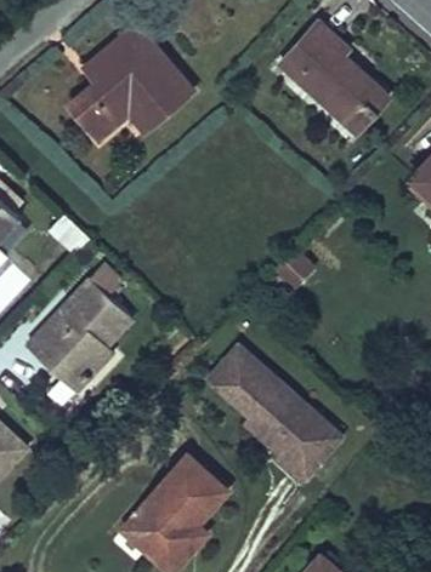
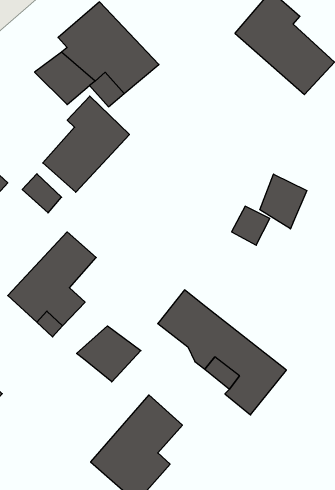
building: none -> [43,96,129,192]
building: none -> [260,174,307,229]
building: none -> [77,326,141,382]

